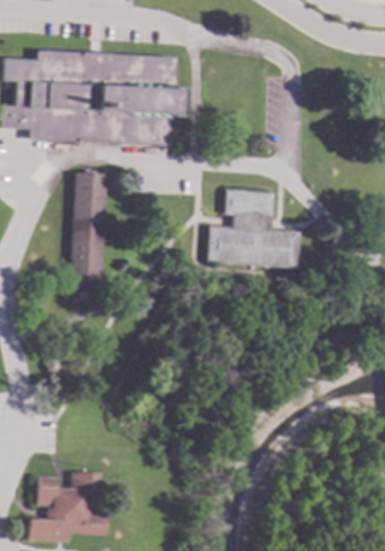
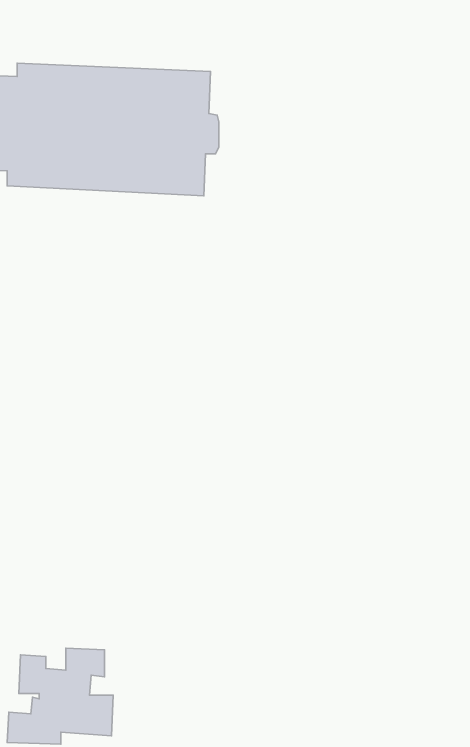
building: [69,172,107,287] -> none
building: [208,190,298,264] -> none

